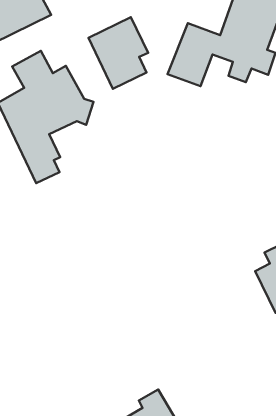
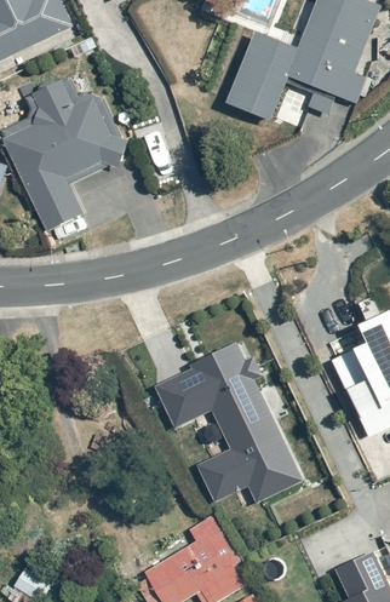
building: [88,17,148,89] -> none
building: none -> [156,343,304,504]

